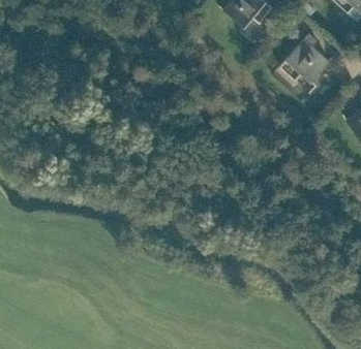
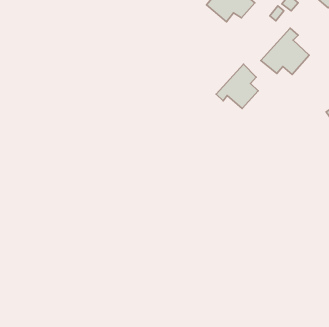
building: none -> [216,64,258,108]

